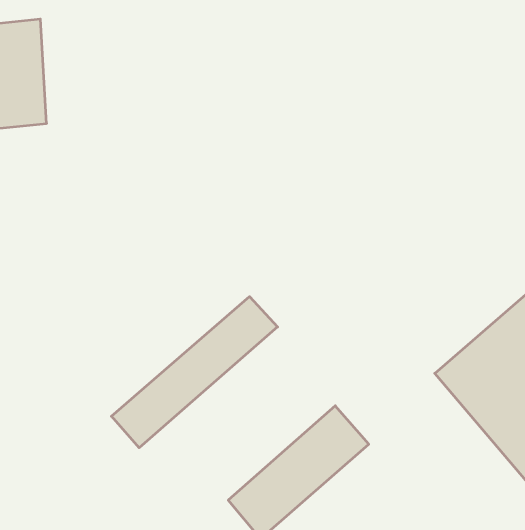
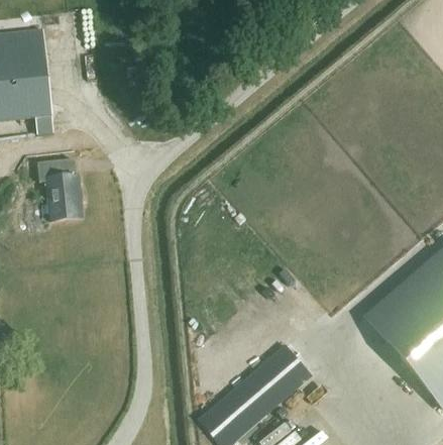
building: none -> [37,157,82,218]
building: [111,297,278,448] -> none

